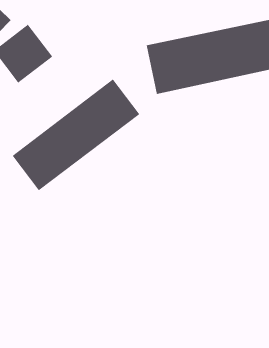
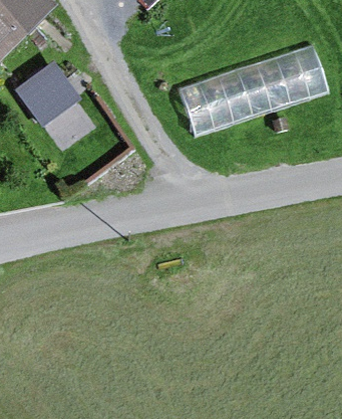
building: [12,78,140,191] -> none

